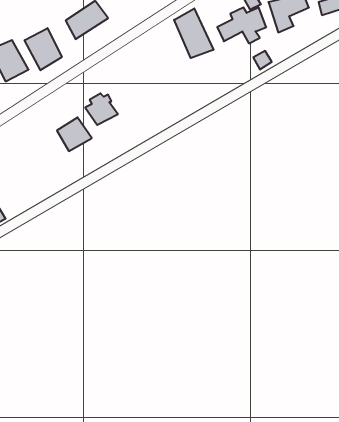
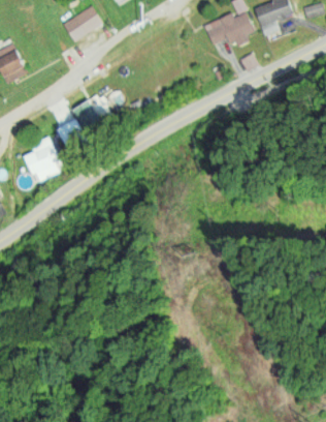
building: [174,8,213,58] -> none
building: [25,28,62,70] -> none
building: none -> [24,134,64,182]

